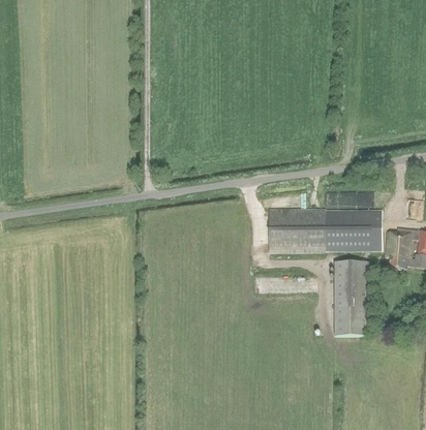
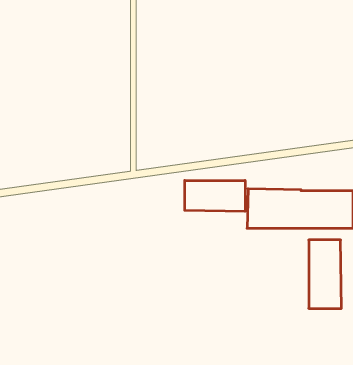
building: none -> [185,180,245,211]

